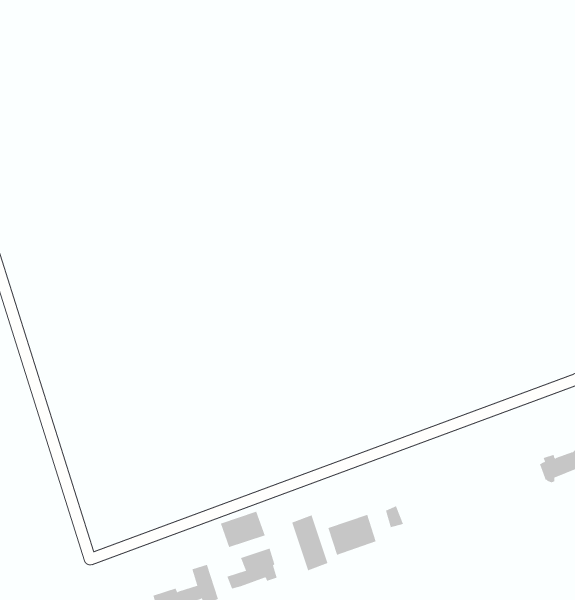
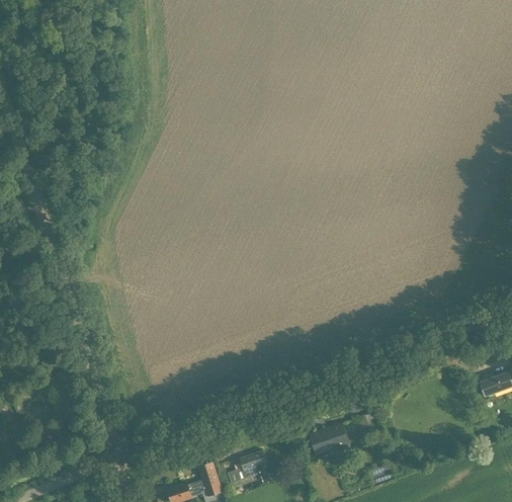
building: [220,511,265,548] -> none
building: [291,515,328,571] -> none

